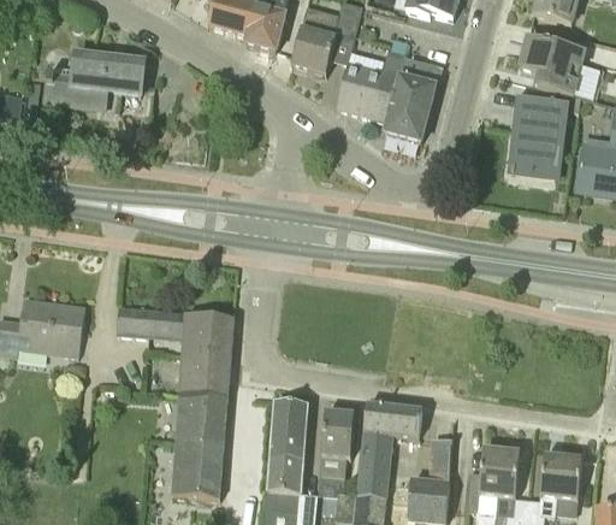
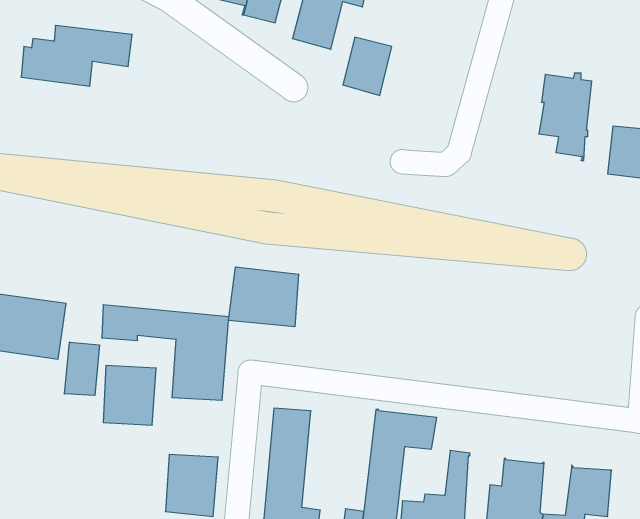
building: [520,36,582,93] -> none
building: [371,55,443,142] -> none
building: none -> [229,267,298,327]
building: none -> [64,342,99,395]
building: [179,391,227,446] -> [103,365,156,425]
building: [320,412,355,478] -> none

